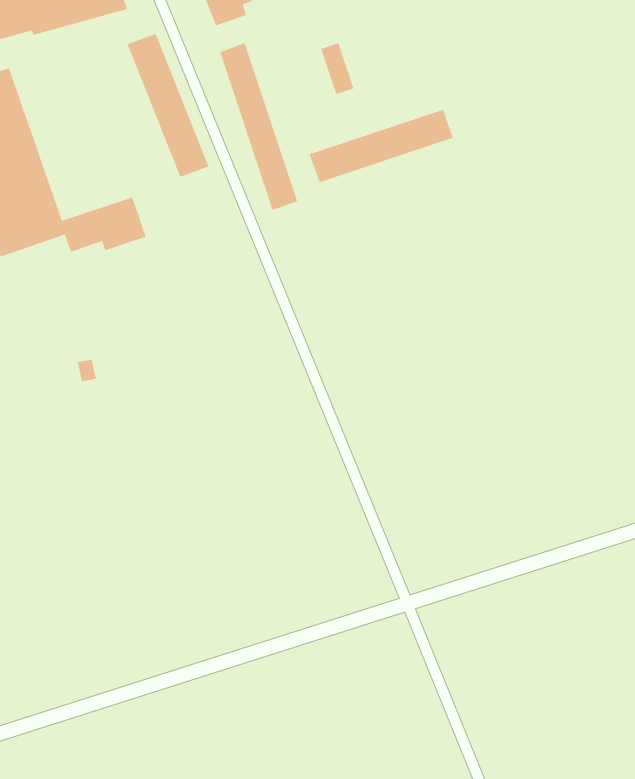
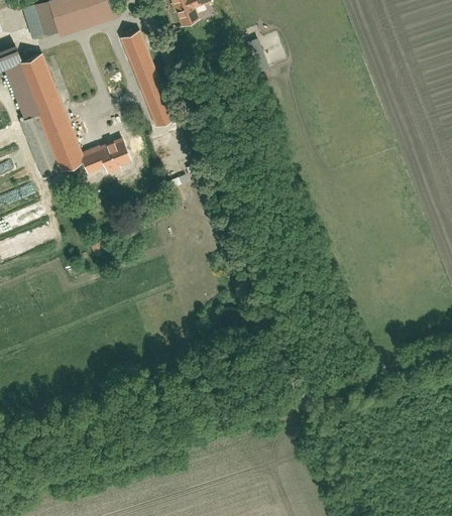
building: [219,42,298,211] -> none
building: [309,109,454,183] -> none

